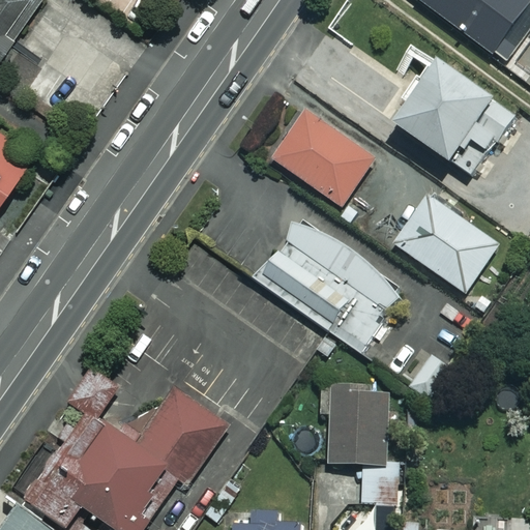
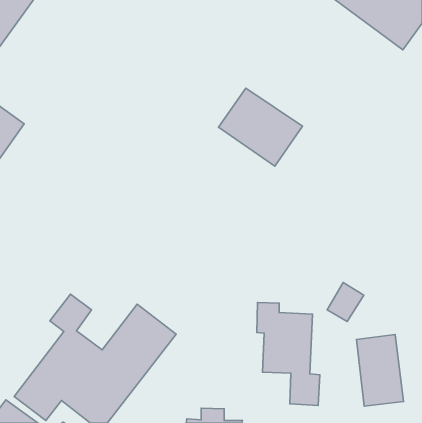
building: [395,62,512,175] -> none
building: [390,193,500,293] -> none
building: [257,216,404,358] -> none
building: none -> [357,335,403,406]

